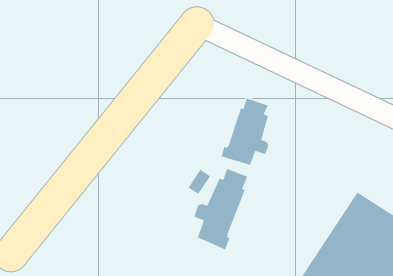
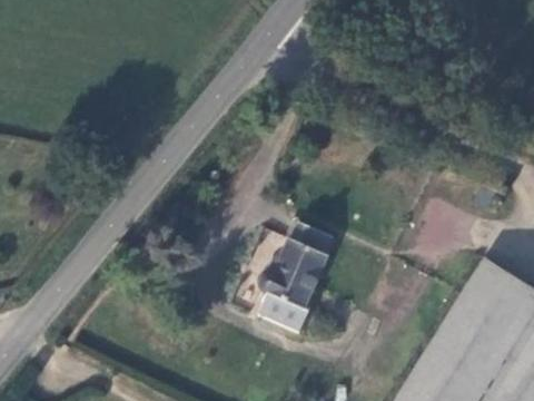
building: [220,97,269,166] -> none

